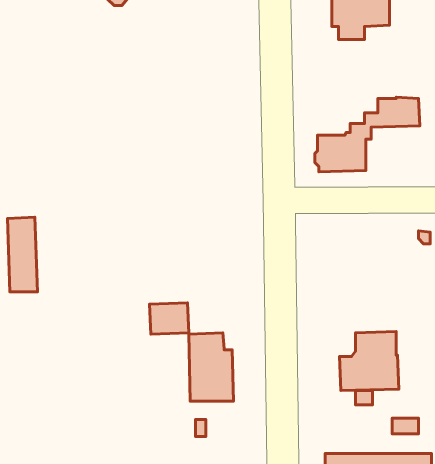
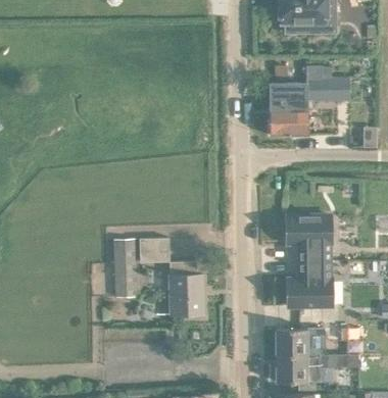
building: none -> [271,66,331,107]
building: [7,217,38,292] -> [113,239,137,297]
building: none -> [286,215,332,261]
building: none -> [276,329,307,355]

